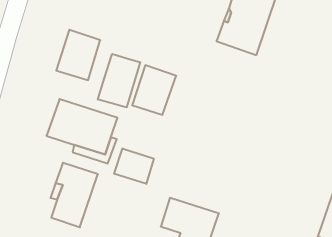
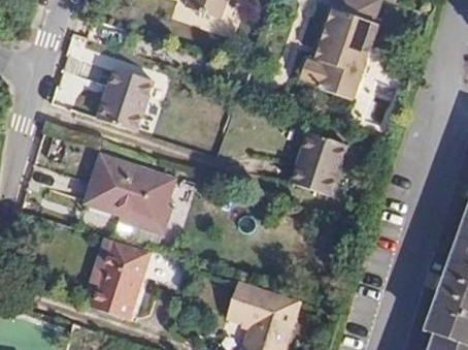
building: [98,54,140,107] -> none
building: [132,65,176,115] -> [291,130,346,193]
building: [114,148,154,184] -> none

